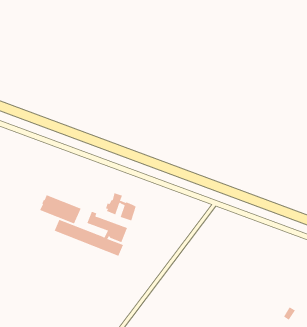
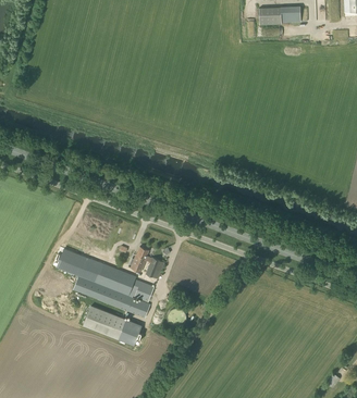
building: none -> [84,306,141,345]

